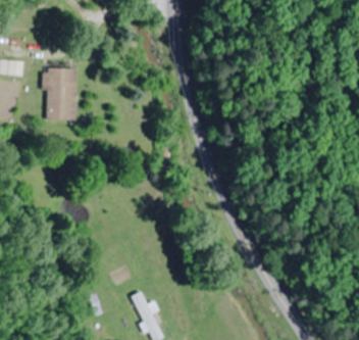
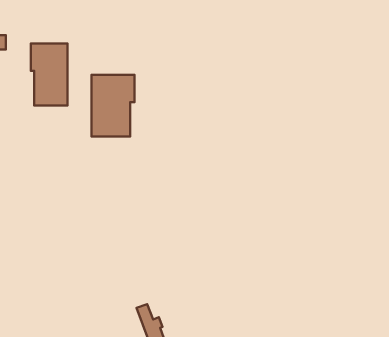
building: none -> [92,75,134,137]

